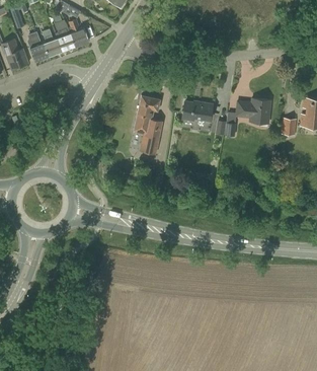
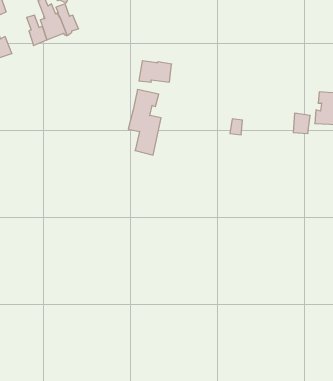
building: [26,30,48,60] -> none
building: [235,97,269,122] -> none
building: [182,100,212,120] -> [139,61,172,82]

